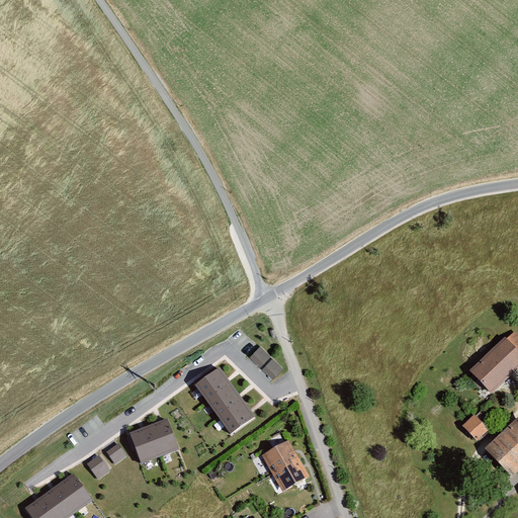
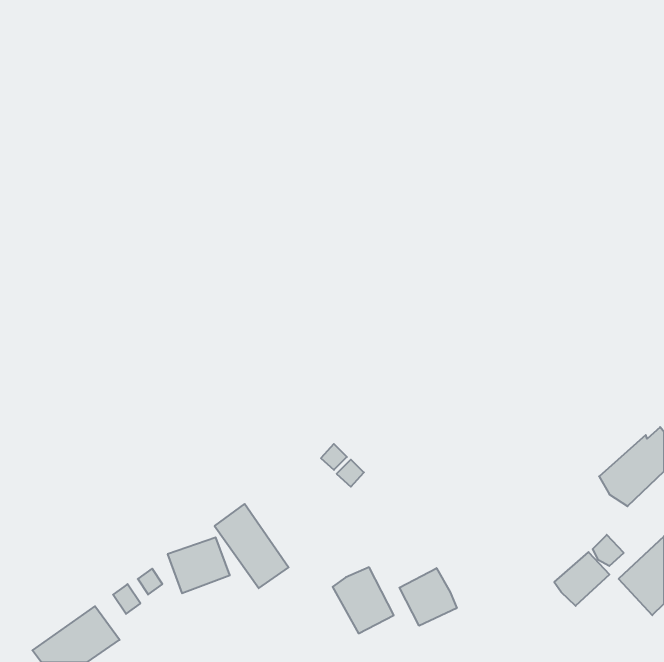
building: [196,366,254,432] -> [215,504,289,588]
building: none -> [554,552,609,606]
building: none -> [399,568,457,626]

